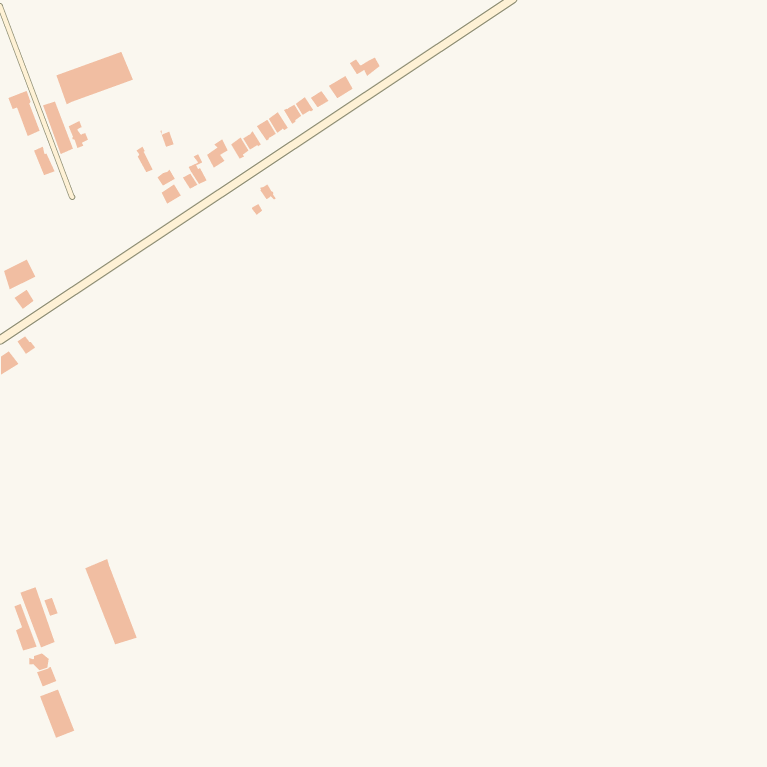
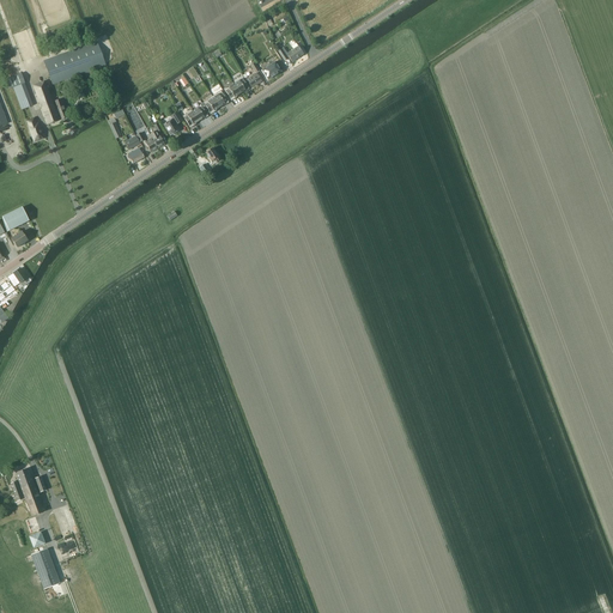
building: [85,558,138,645] -> none

